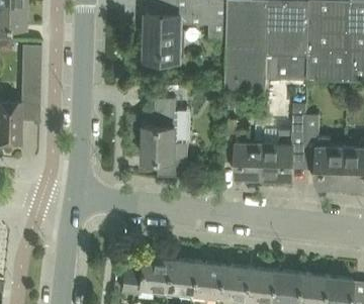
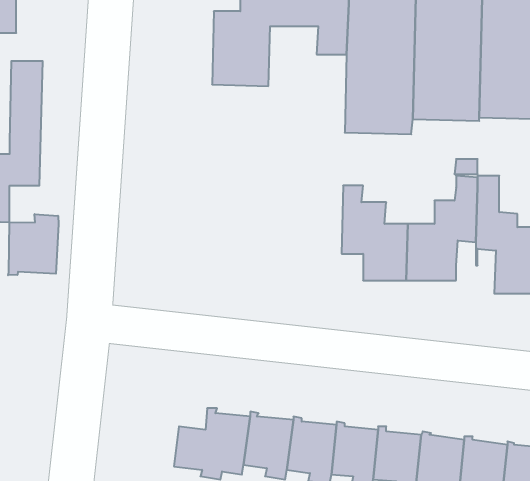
building: [144,98,188,176] -> none
building: none -> [8,214,59,275]

